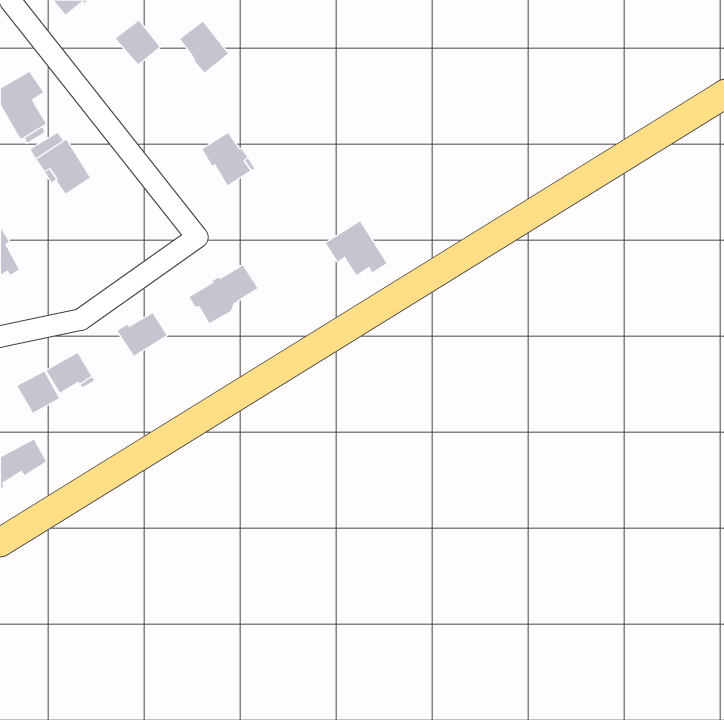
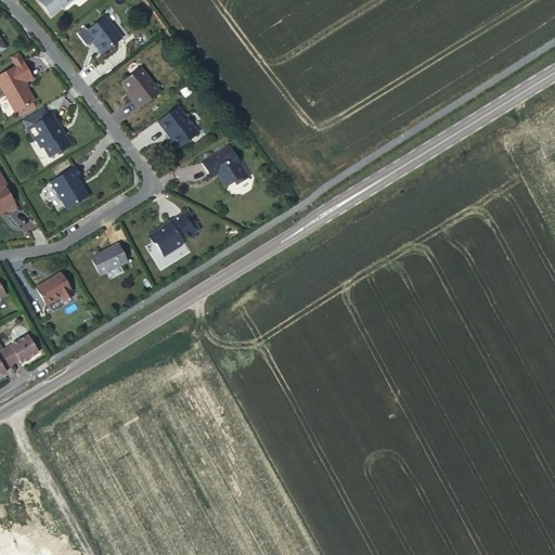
building: [179,21,229,73] -> [124,70,162,111]
building: none -> [46,167,85,209]
building: [325,221,387,276] -> [196,145,244,188]
building: [17,371,60,413] -> none

